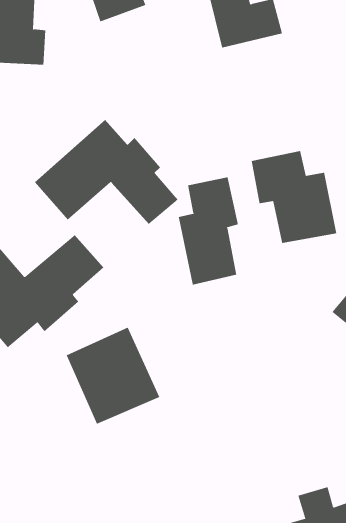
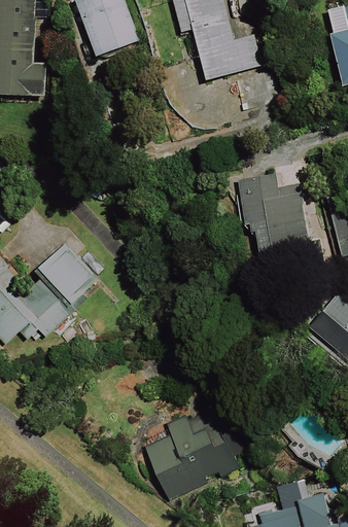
building: [34,119,178,225] -> none
building: [178,177,239,286] -> none
building: [66,327,160,424] -> [142,411,228,499]

